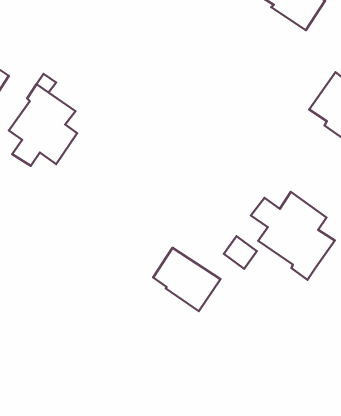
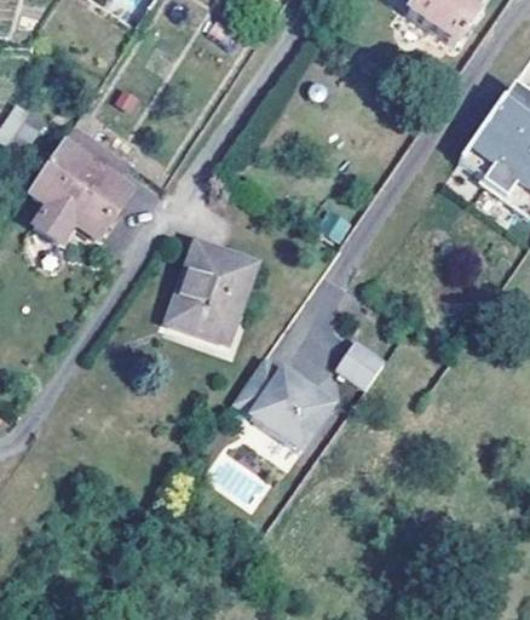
building: none -> [168,247,253,341]
building: [251,192,335,280] -> none

